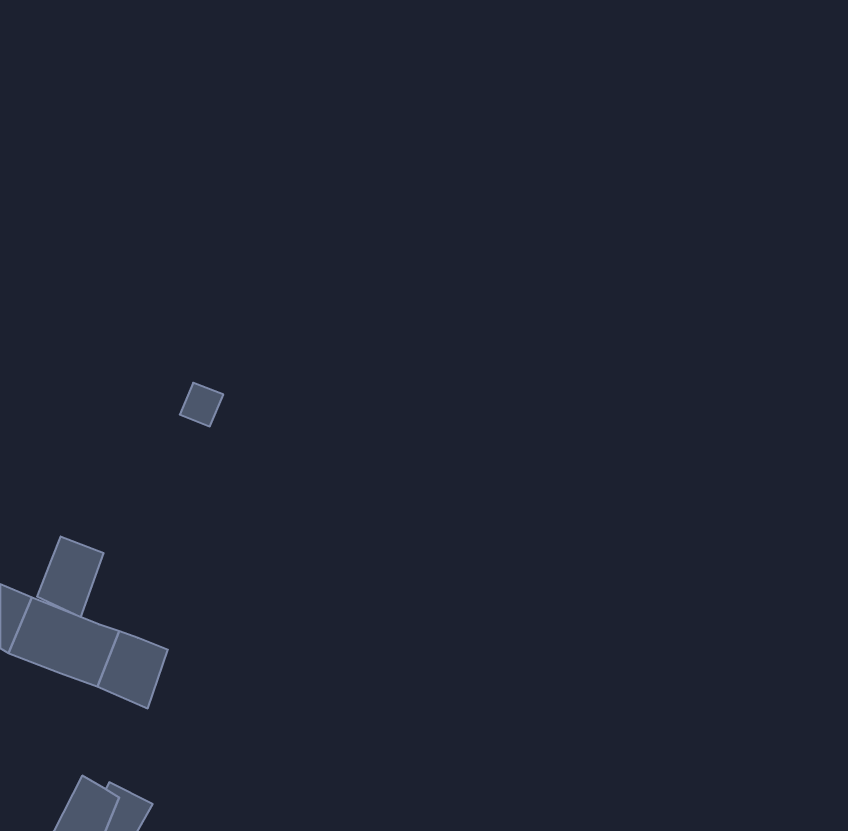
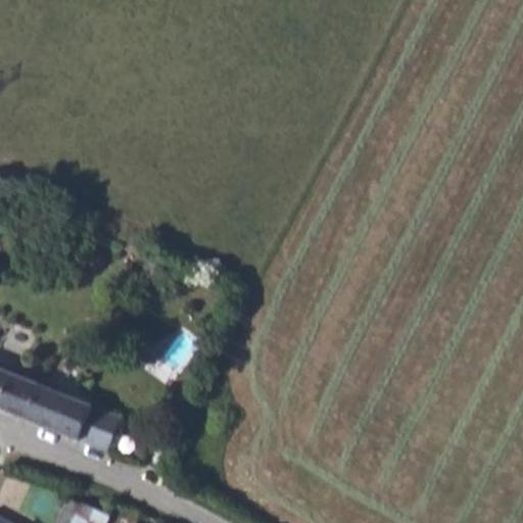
building: [37,536,104,617] -> none

